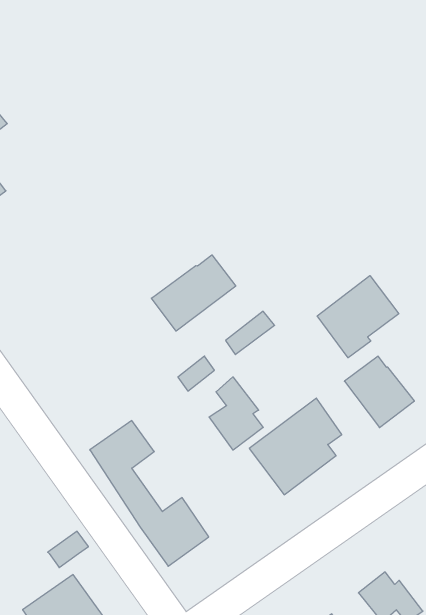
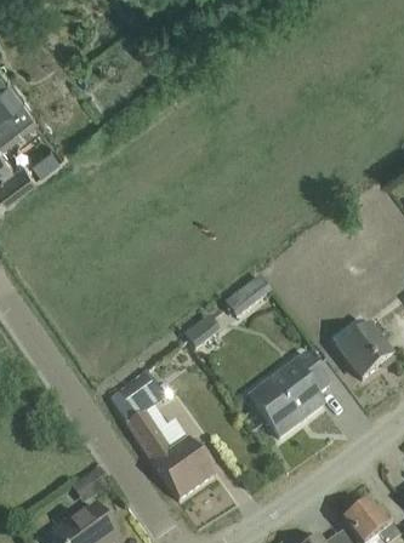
building: [151,255,236,331] -> none
building: [317,276,399,358] -> none
building: [209,377,263,450] -> none

